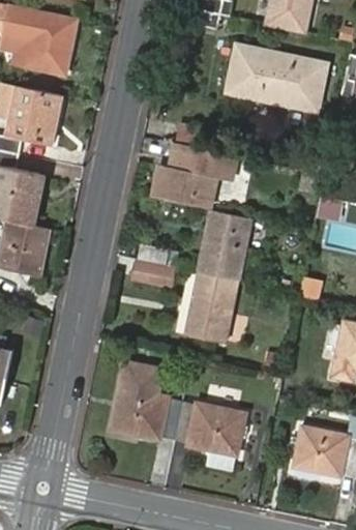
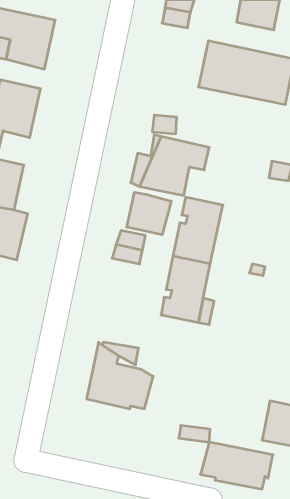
building: none -> [127,192,171,235]
building: [169,399,245,448] -> [200,442,273,489]

